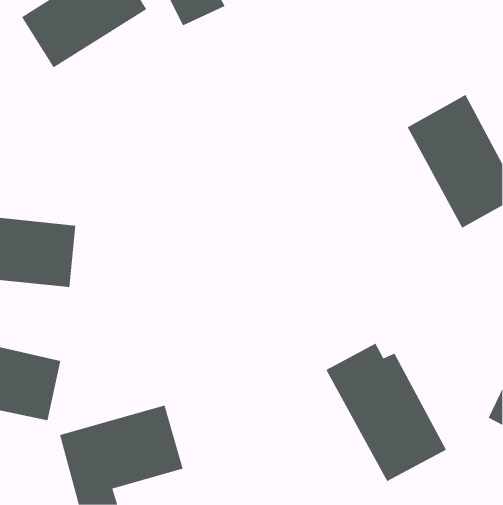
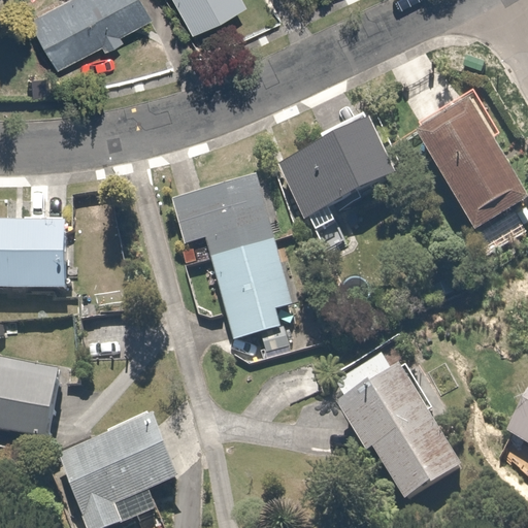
building: none -> [278,127,397,222]
building: none -> [173,172,287,334]

